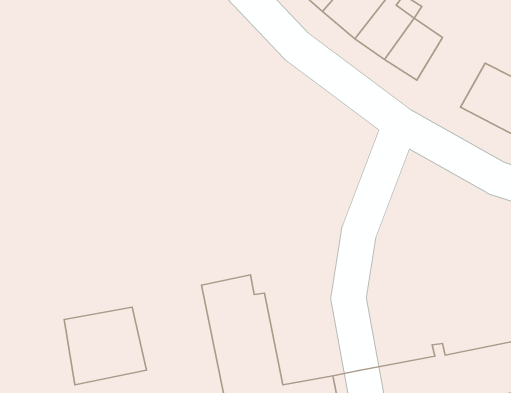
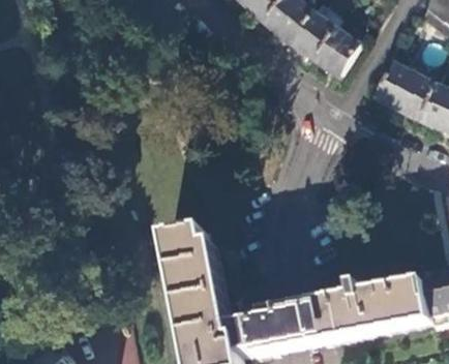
building: [64,307,147,385] -> none

